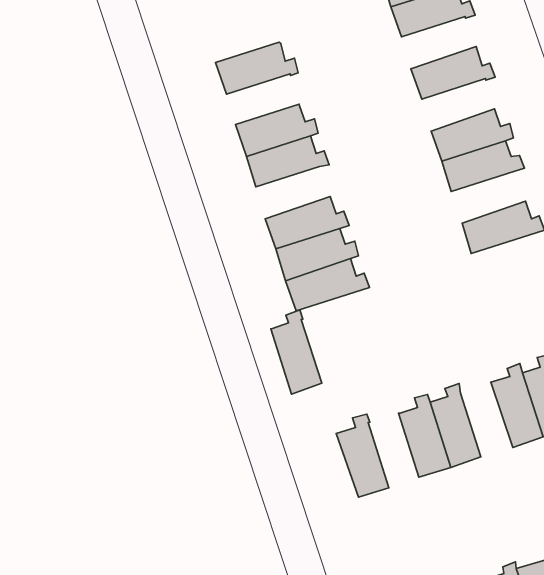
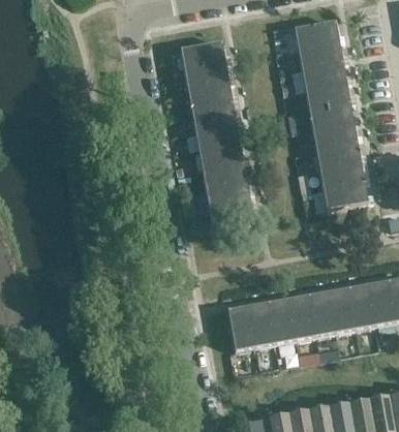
building: none -> [180,40,231,67]
building: none -> [301,60,351,88]
building: none -> [187,81,238,107]
building: none -> [308,100,352,128]
building: none -> [197,141,248,168]
building: none -> [318,160,369,188]
building: [271,310,322,394] -> [247,295,274,346]
building: none -> [307,284,335,335]

